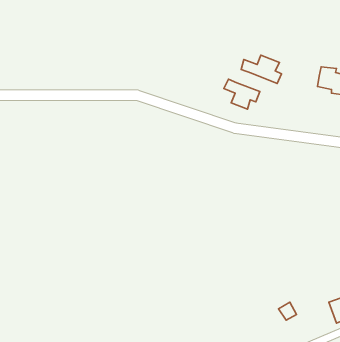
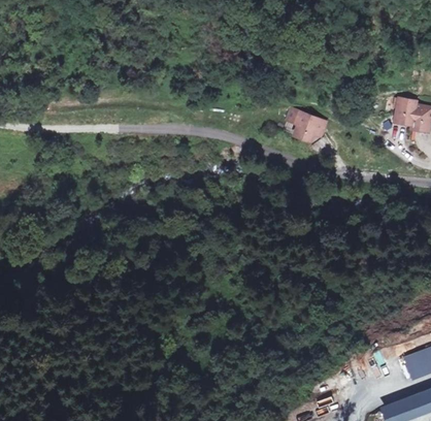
building: [241,55,281,84] -> none

